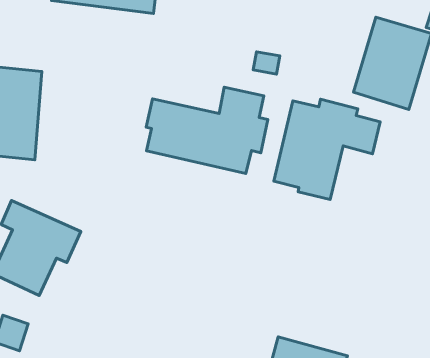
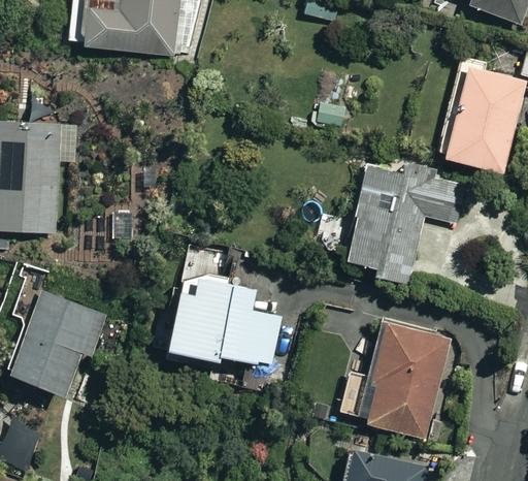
building: [146,87,268,173] -> none
building: none -> [156,269,284,366]
building: none -> [357,320,450,437]

